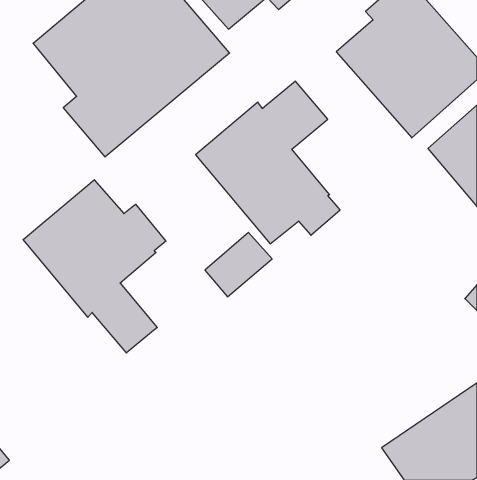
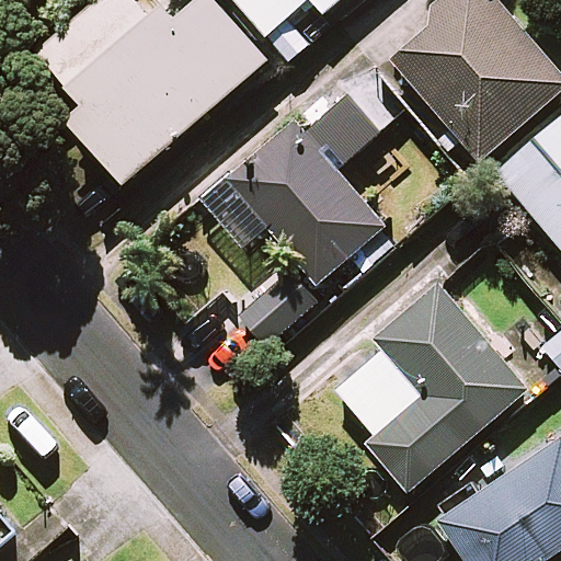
building: [23,180,166,353] -> none
building: none -> [336,285,526,490]

